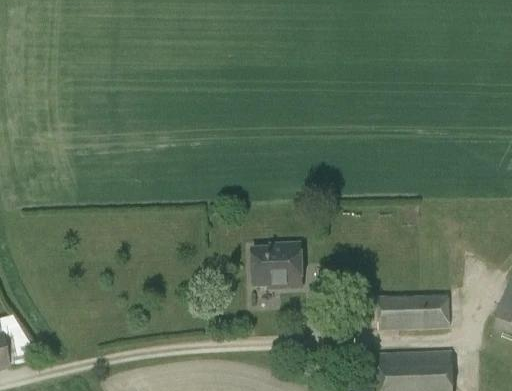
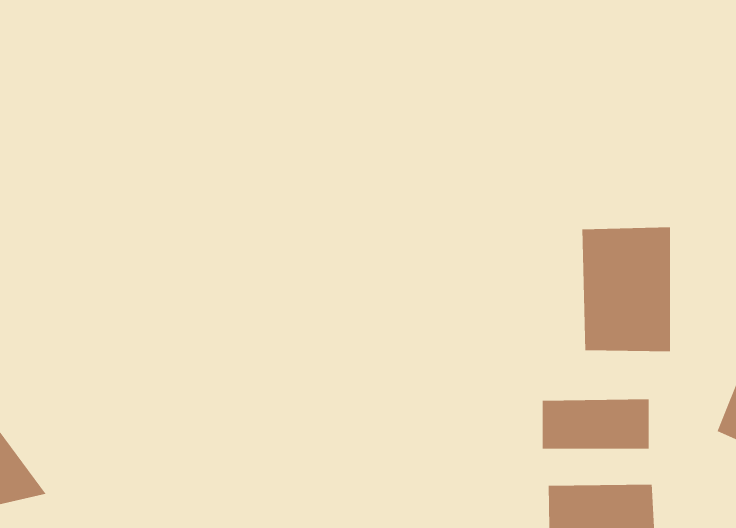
building: none -> [581,226,671,352]
building: [253,242,302,286] -> none

